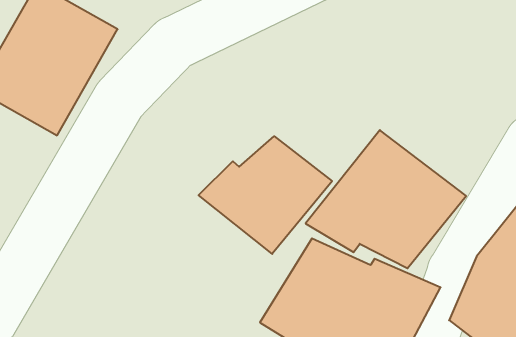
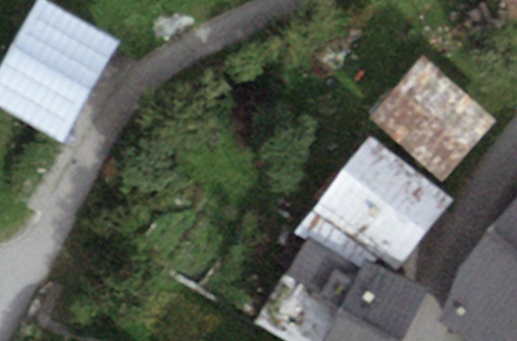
building: none -> [369,56,497,182]
building: [199,136,332,254] -> none

